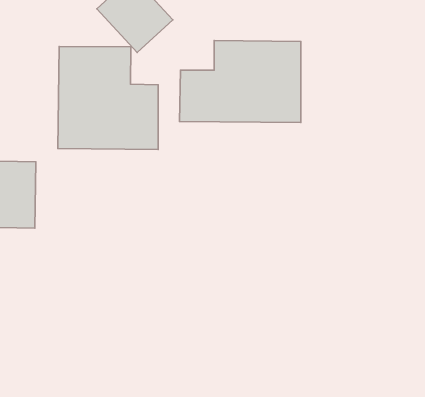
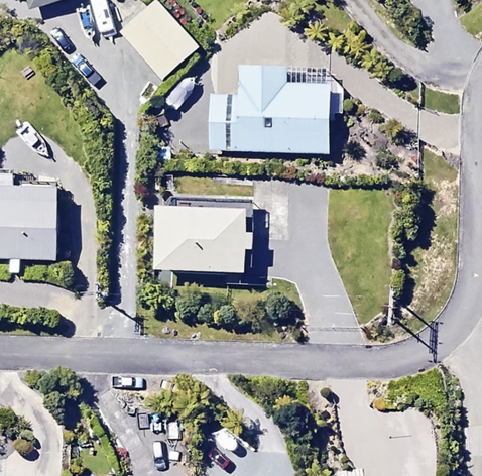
building: [58,47,158,149] -> none
building: none -> [148,208,245,276]

